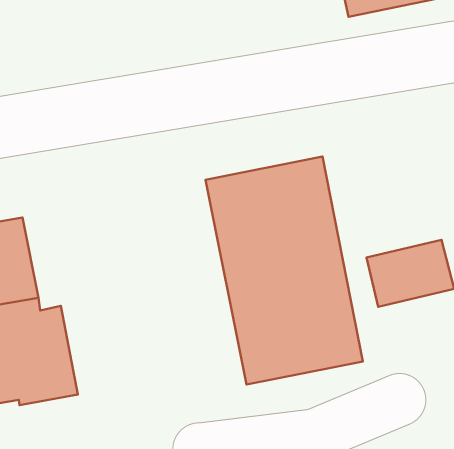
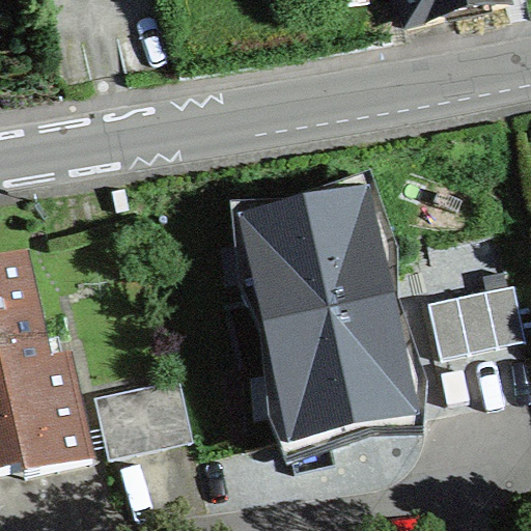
building: none -> [95,376,189,455]

